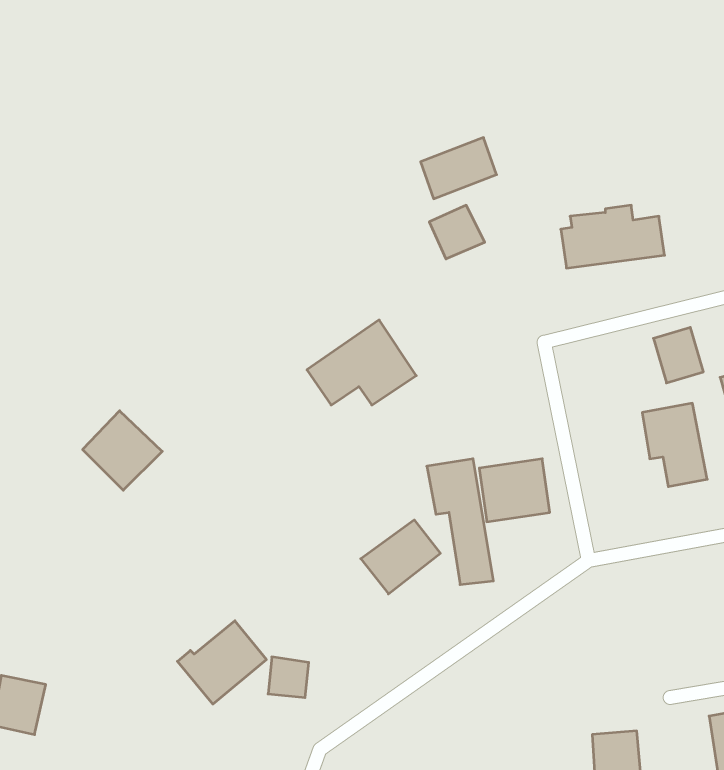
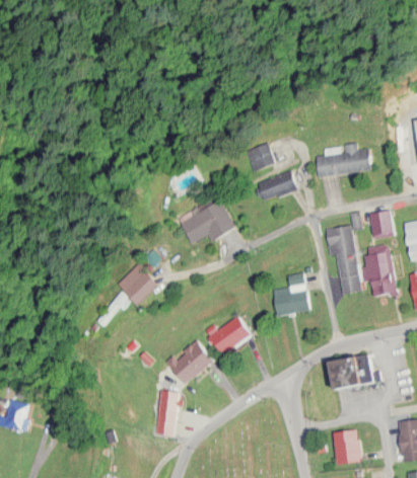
building: [421,138,497,199] -> [257,169,298,203]
building: [83,411,162,490] -> [113,264,156,308]
building: [427,459,493,585] -> [325,225,361,294]
building: none -> [333,354,379,391]
building: [177,621,266,704] -> [164,339,213,385]

